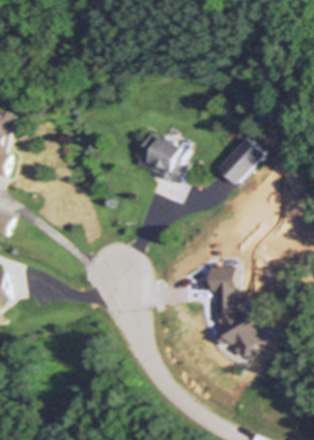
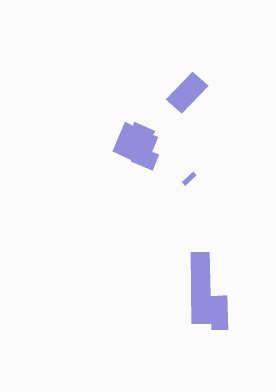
building: [217,138,263,183] -> [165,71,209,114]

